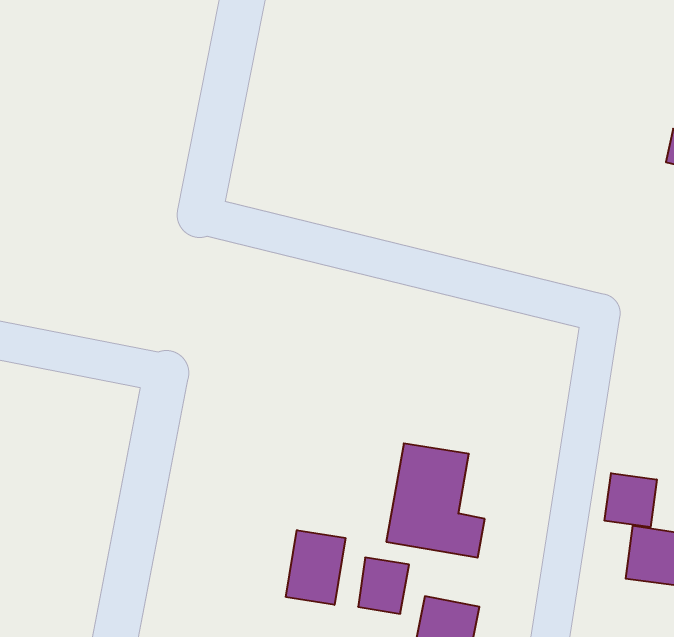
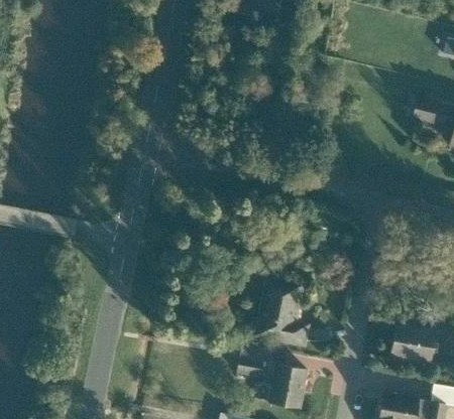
building: [605,473,657,527] -> none
building: [286,530,345,605] -> none

